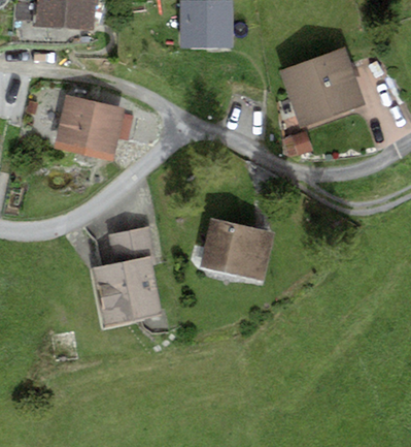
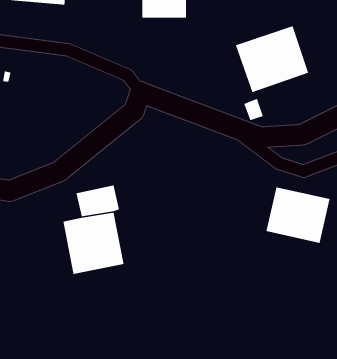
building: [52,95,119,157] -> none
building: [201,219,272,282] -> [266,186,330,244]

